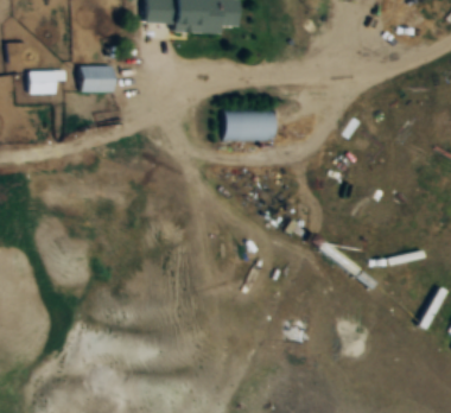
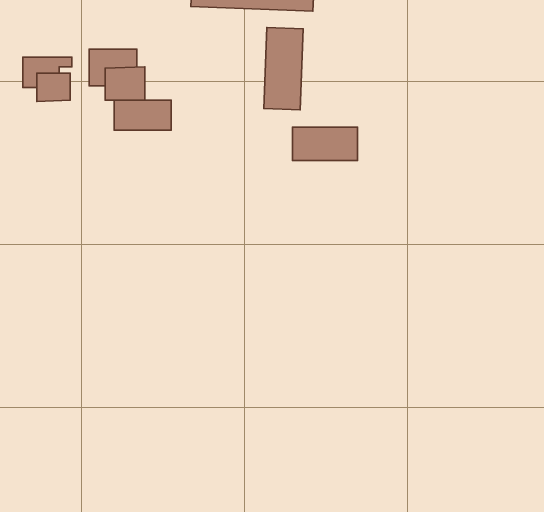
building: none -> [264,28,303,110]
building: none -> [114,100,171,130]

